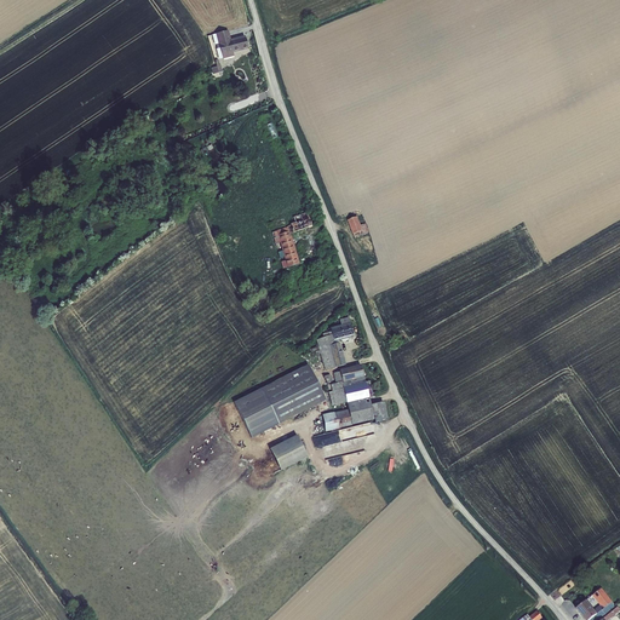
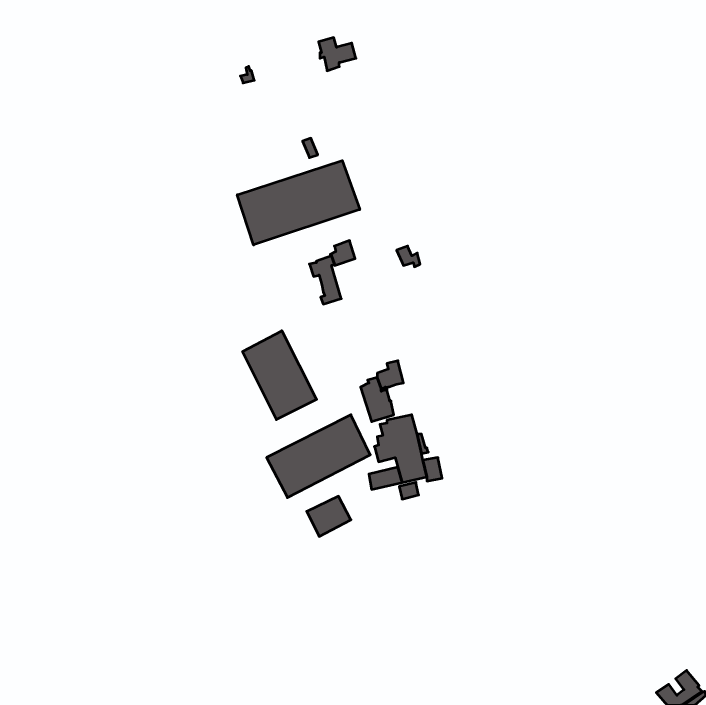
building: [216,29,248,58] -> [319,38,356,71]
building: none -> [237,161,360,245]
building: none -> [243,331,317,420]

